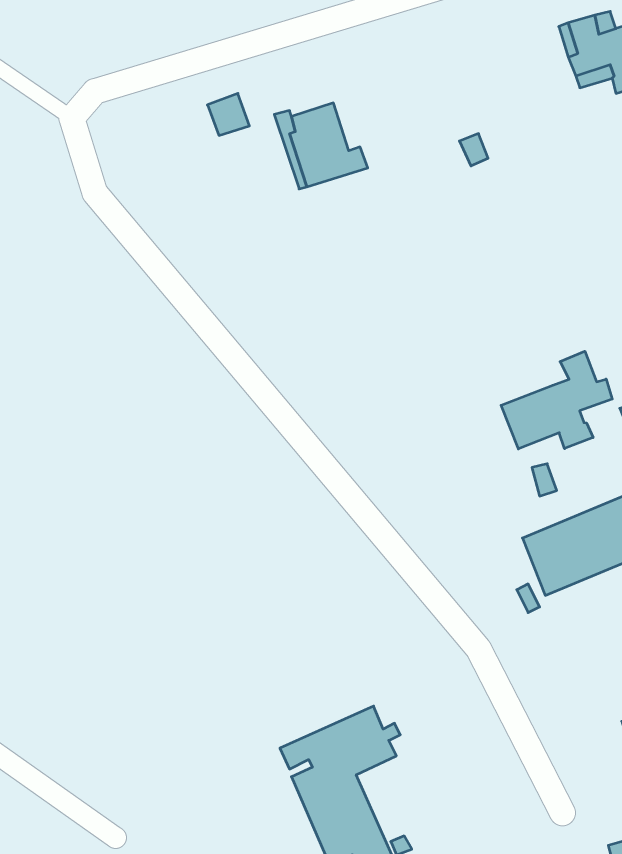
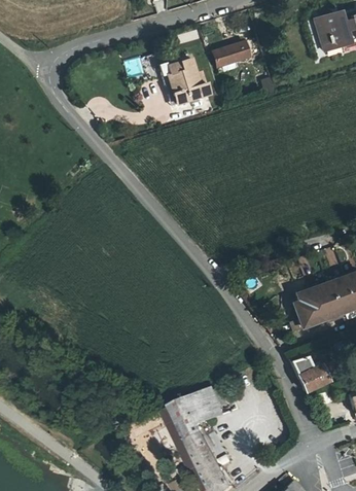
building: none -> [215,41,252,66]
building: [501,351,612,449] -> none
building: none -> [291,354,327,390]

